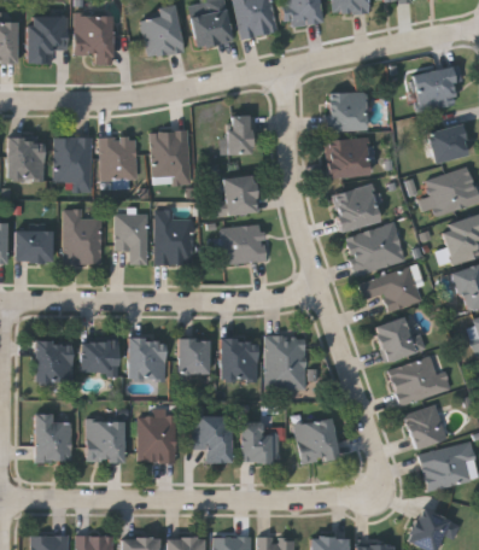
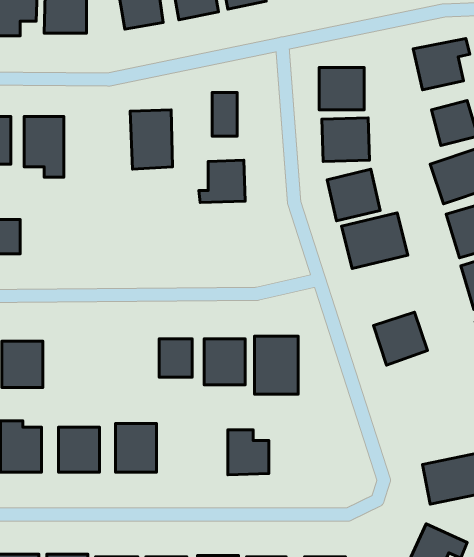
building: [100,136,136,180] -> none
building: [64,209,100,264] -> none
building: [154,211,192,264] -> none
building: [115,213,147,264] -> none
building: [221,224,267,265] -> none
building: [358,267,421,311] -> none
building: [129,339,167,381] -> none
building: [81,340,118,375] -> none
building: [387,356,452,408] -> none
building: [404,404,448,449] -> none
building: [191,416,232,463] -> none
building: [294,416,339,464] -> none

